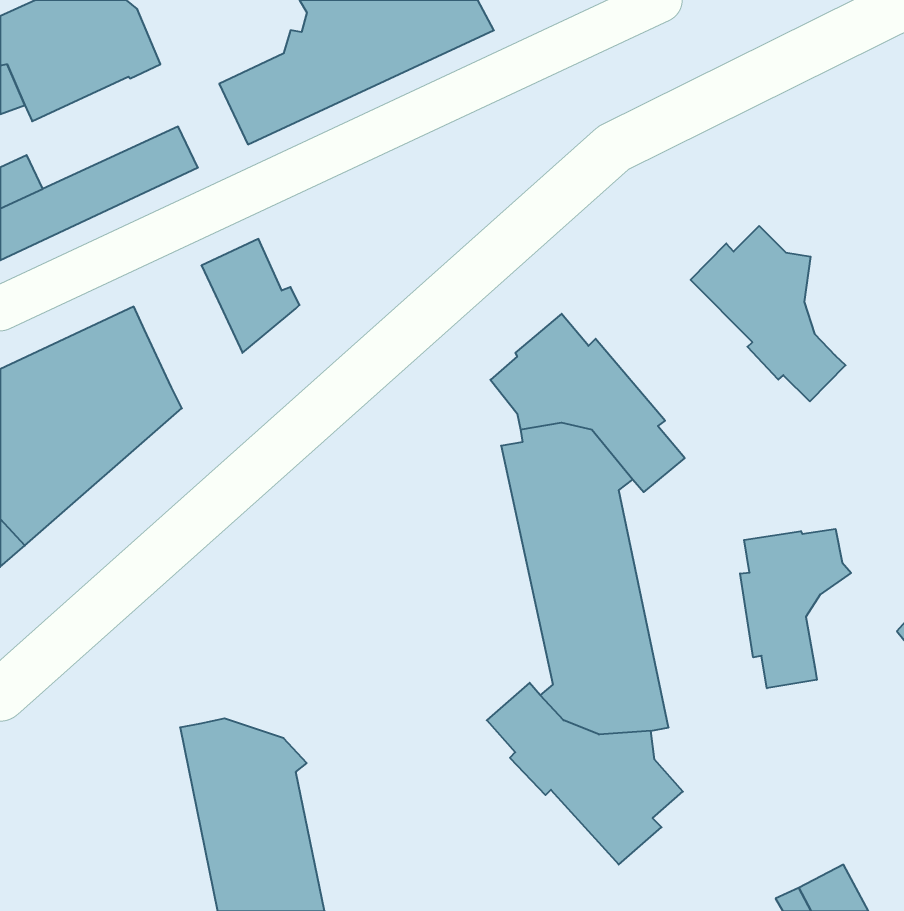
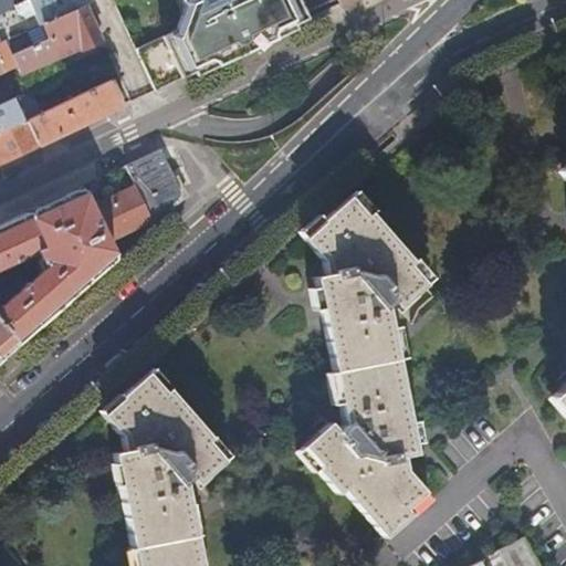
building: [691,226,846,401] -> none
building: none -> [94,184,155,240]
building: [740,529,851,688] -> none
building: none -> [106,370,228,481]

